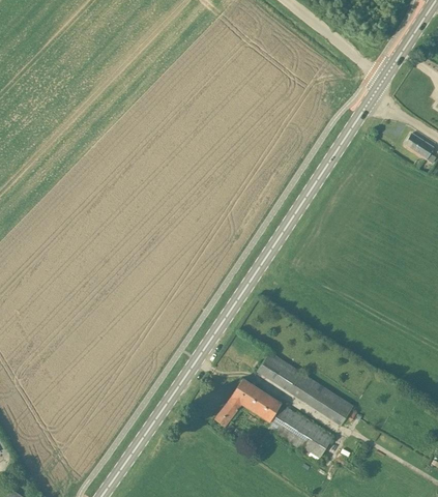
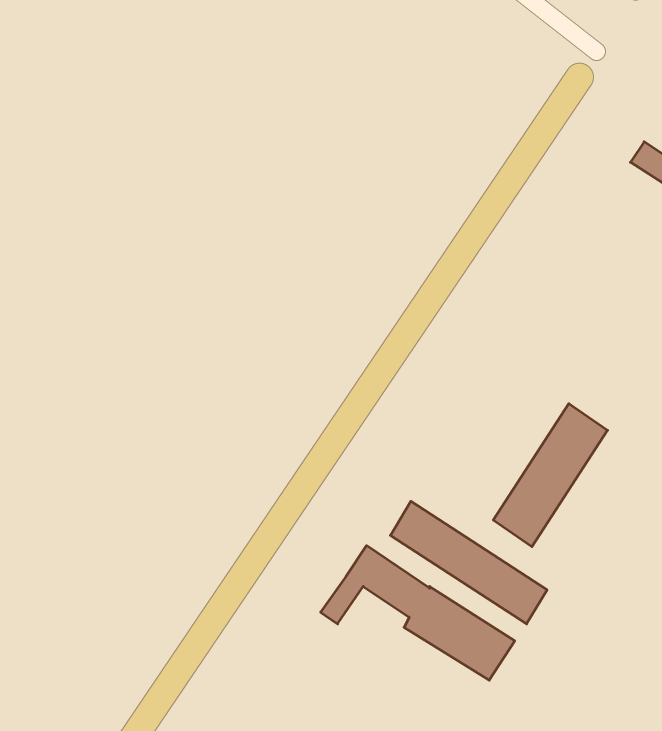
building: none -> [493,404,608,547]

